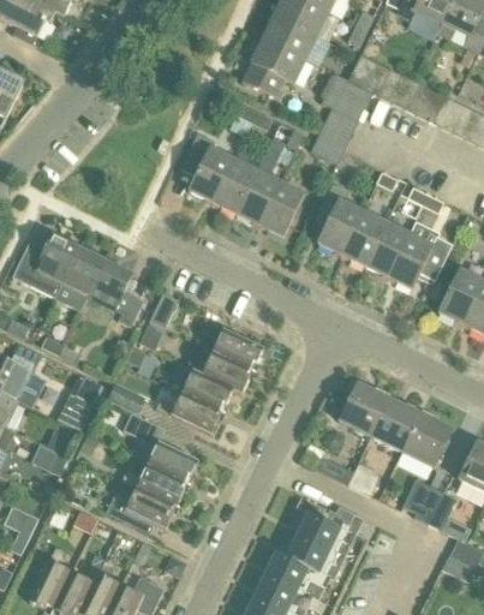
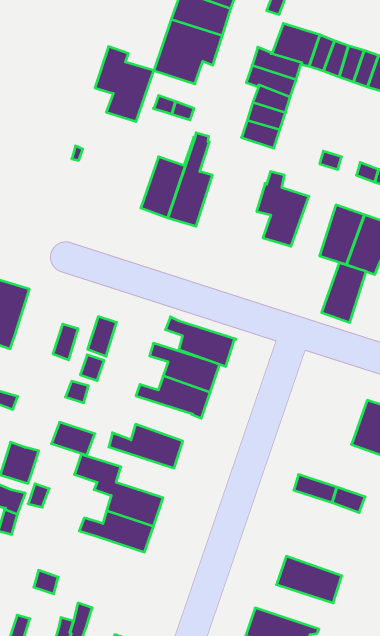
building: [180,131,234,201] -> [95,47,154,122]
building: [259,180,304,235] -> none
building: [341,210,386,264] -> [322,263,366,322]
building: [82,259,131,326] -> none
building: [173,362,234,412] -> [165,317,236,366]
building: [339,382,390,435] -> none
building: [104,486,175,531] -> none
building: [295,497,361,550] -> none
building: [267,545,336,595] -> none

